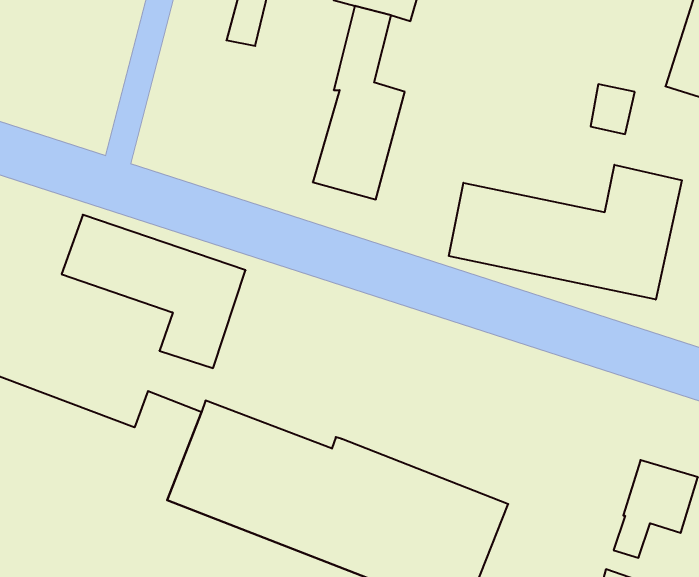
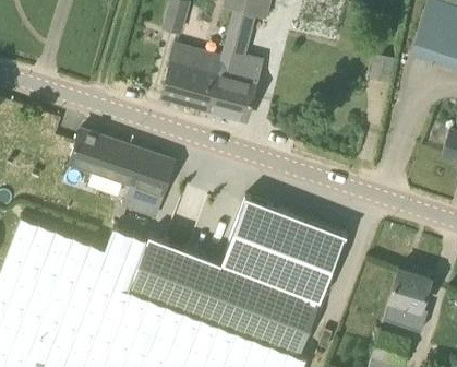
building: none -> [161,44,227,109]
building: [449,165,682,300] -> none
building: none -> [225,205,341,293]

